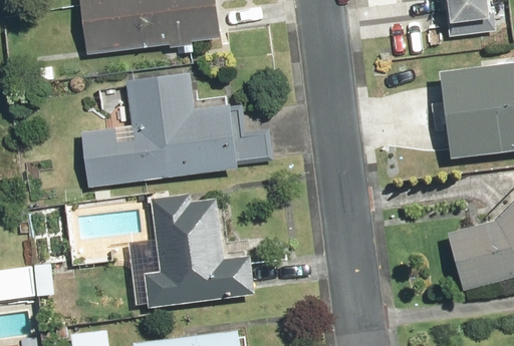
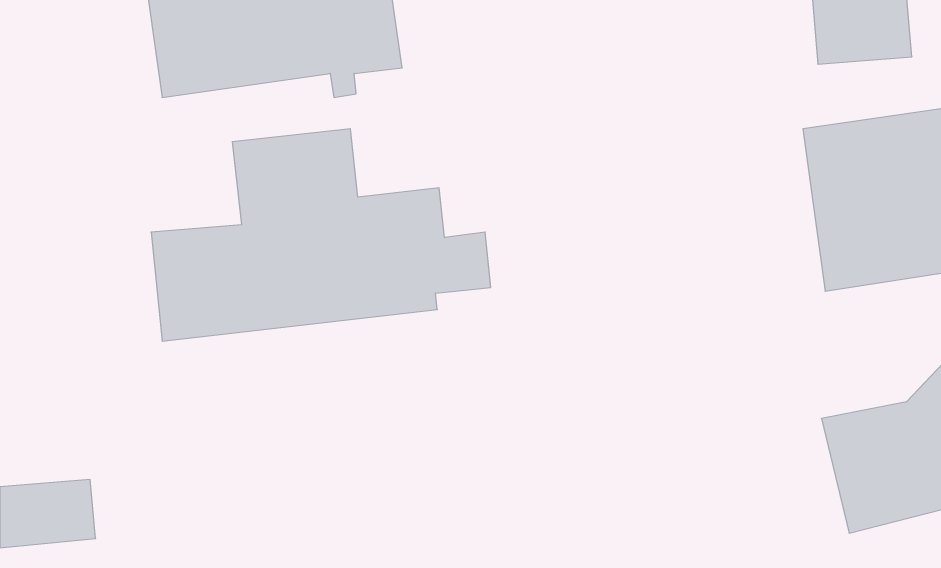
building: [128,193,255,306] -> none

